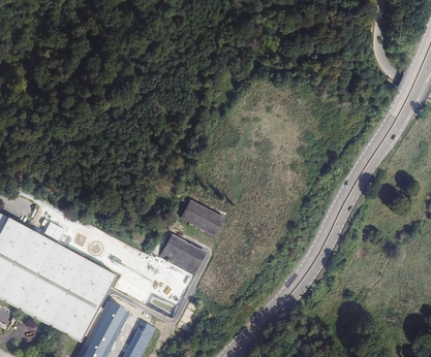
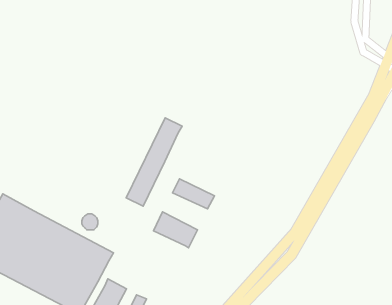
building: none -> [126,118,182,206]

